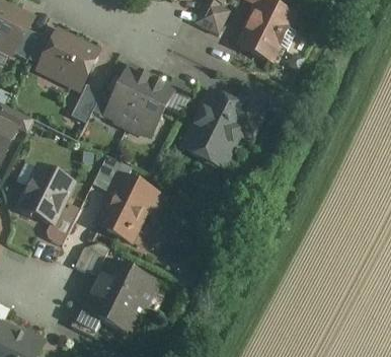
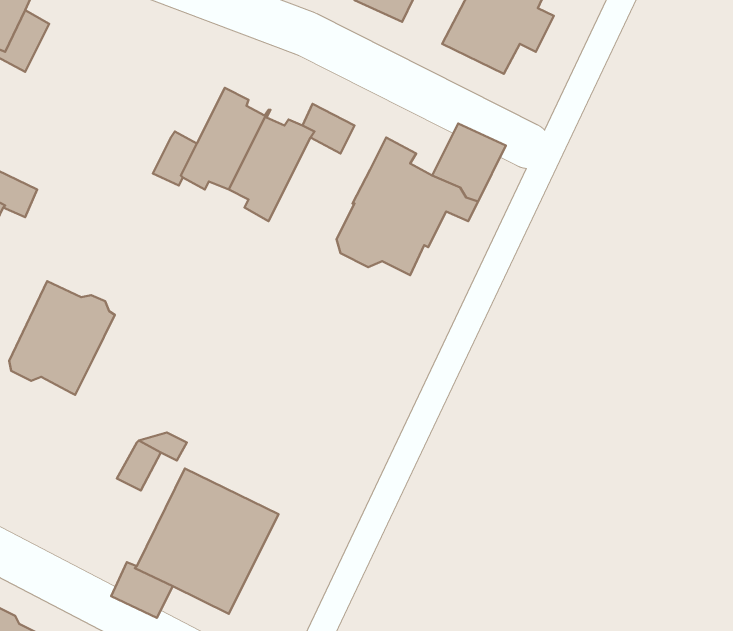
building: [41,30,95,86] -> none
building: [70,83,100,122] -> none
building: [92,154,159,233] -> none
building: [46,204,77,243] -> none

